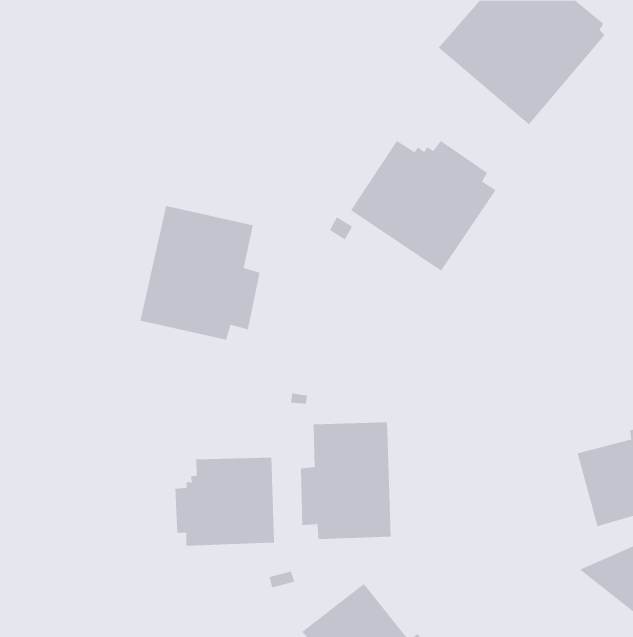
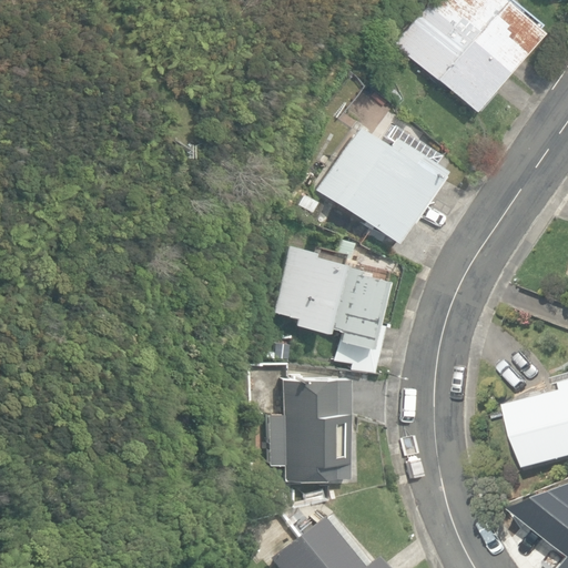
building: [140,205,260,341] -> none
building: none -> [274,244,386,367]
building: [175,457,275,546] -> none

